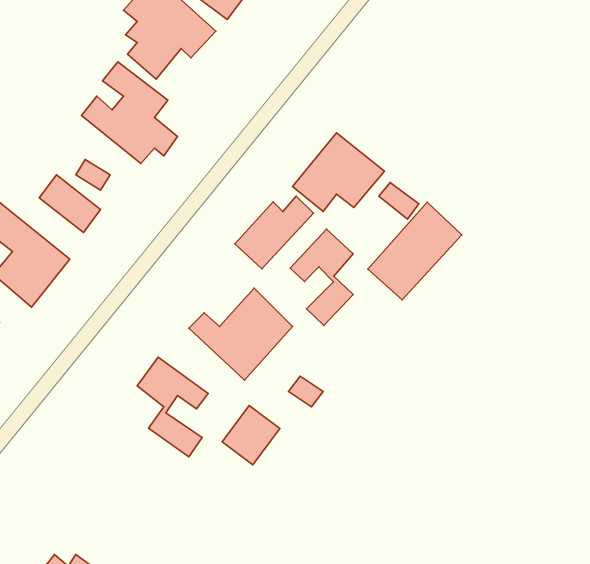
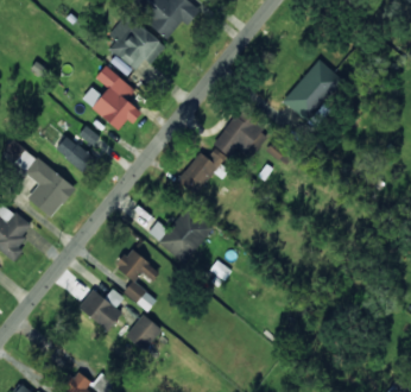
building: [368,202,462,300] -> [283,59,341,120]
building: [290,229,353,325] -> none
building: [222,405,280,465] -> [126,315,162,352]
building: none -> [78,289,124,331]

